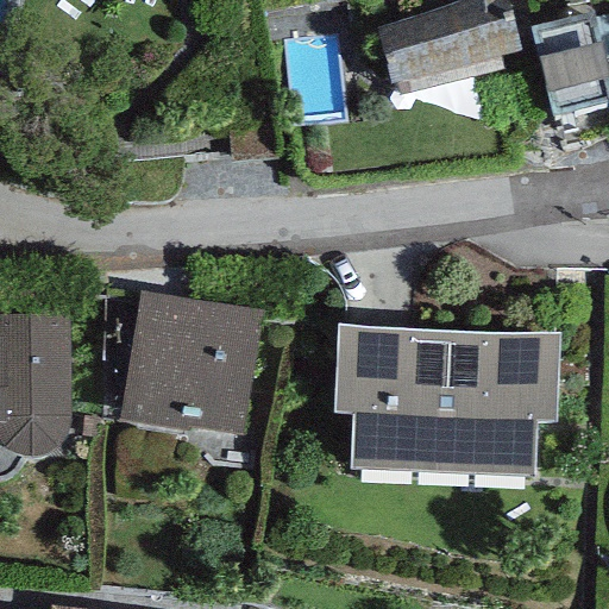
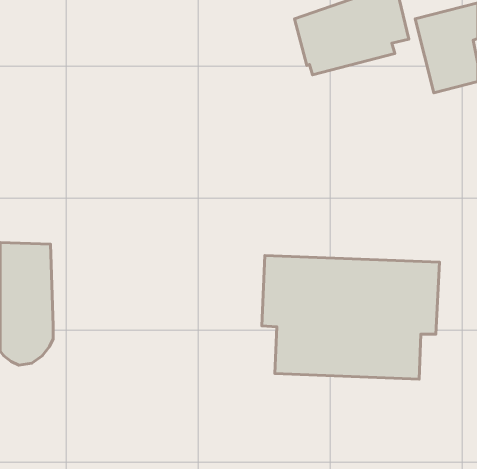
building: [119,285,262,440] -> none

